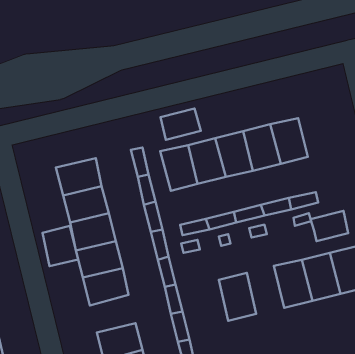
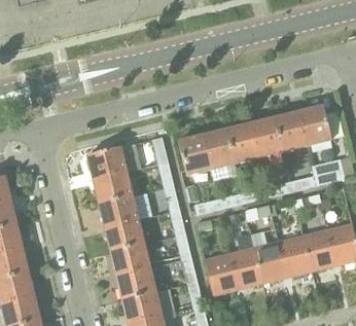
building: [160,109,201,140] -> none
building: none -> [299,105,332,145]
building: [311,211,348,241] -> [312,158,345,185]
building: [43,226,78,266] -> none
building: none -> [254,241,287,283]
building: none -> [205,253,238,295]
building: none -> [116,266,156,299]

